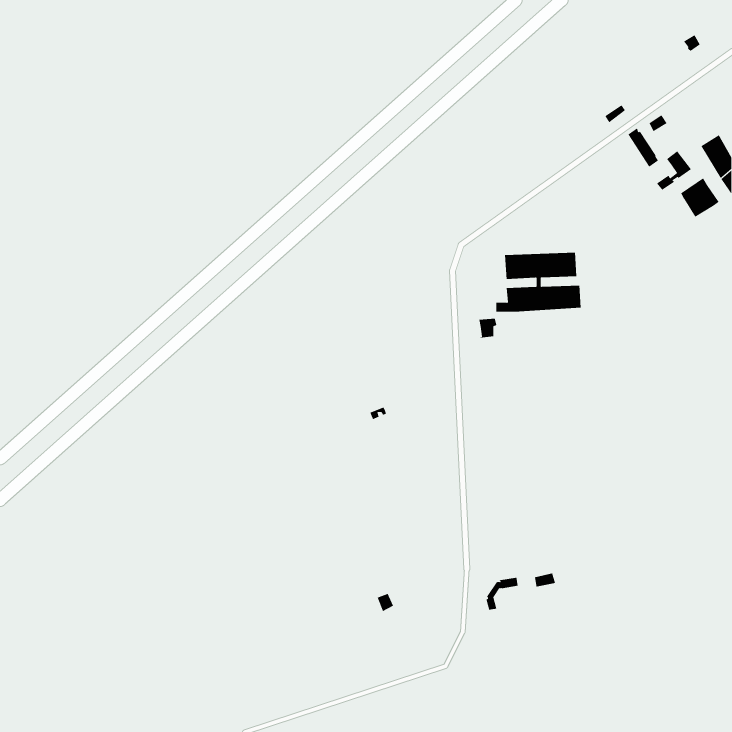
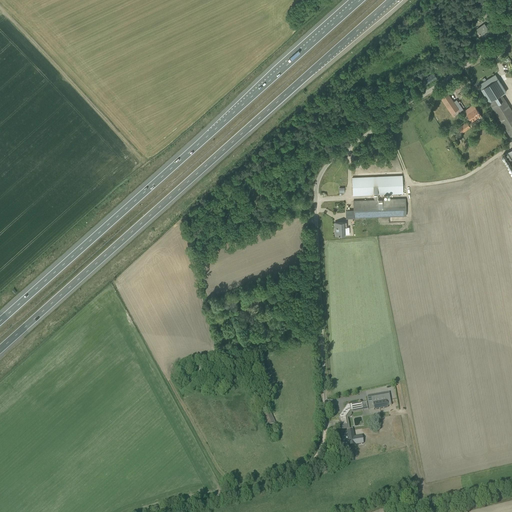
building: [681,178,719,218] -> [479,74,506,102]

